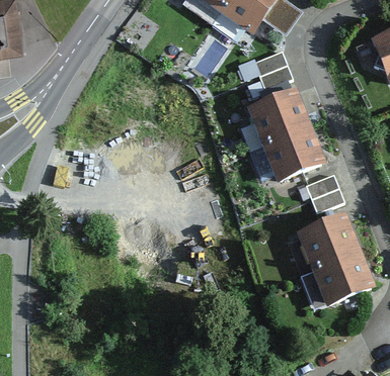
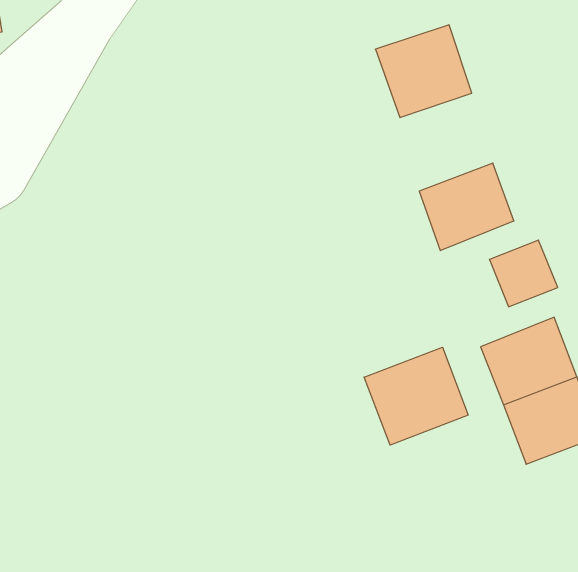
building: [251,97,307,147] -> none
building: none -> [364,347,468,445]

